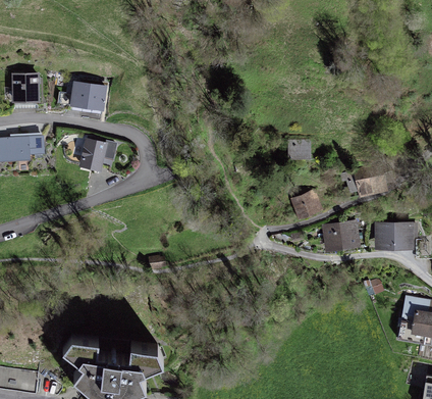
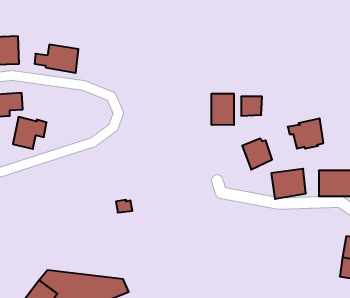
building: none -> [212,94,234,125]
building: [79,138,117,173] -> [13,117,47,149]

